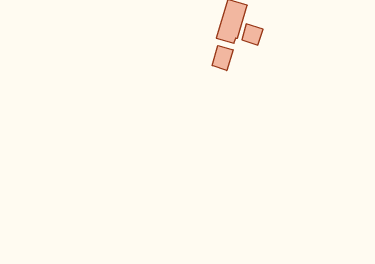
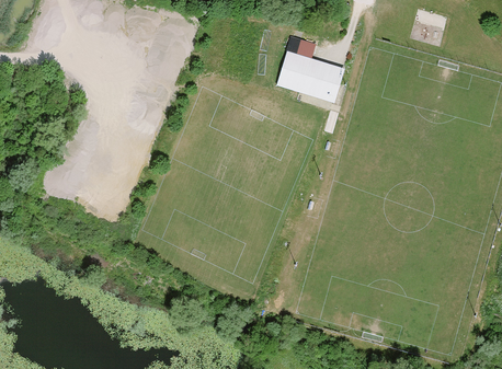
building: [212,46,233,71] -> none

